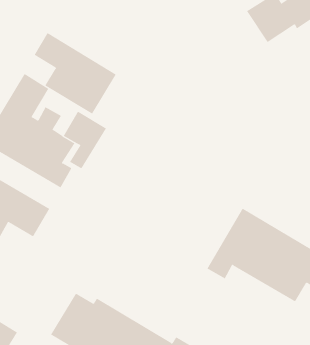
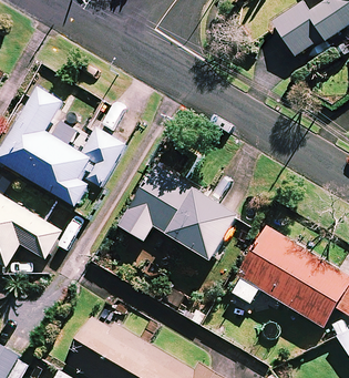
building: [34,32,117,115] -> none
building: none -> [117,164,240,263]

